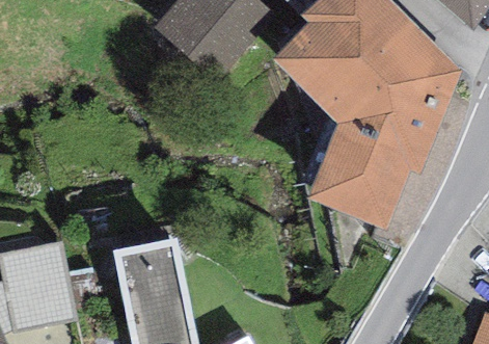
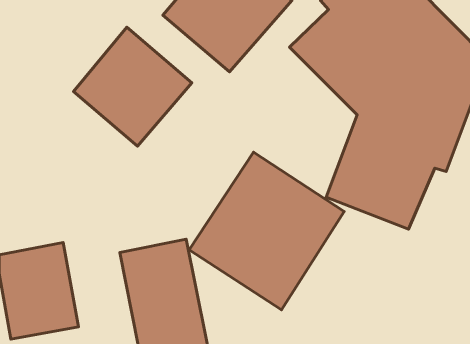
building: none -> [74,27,192,146]
building: none -> [189,152,344,310]

